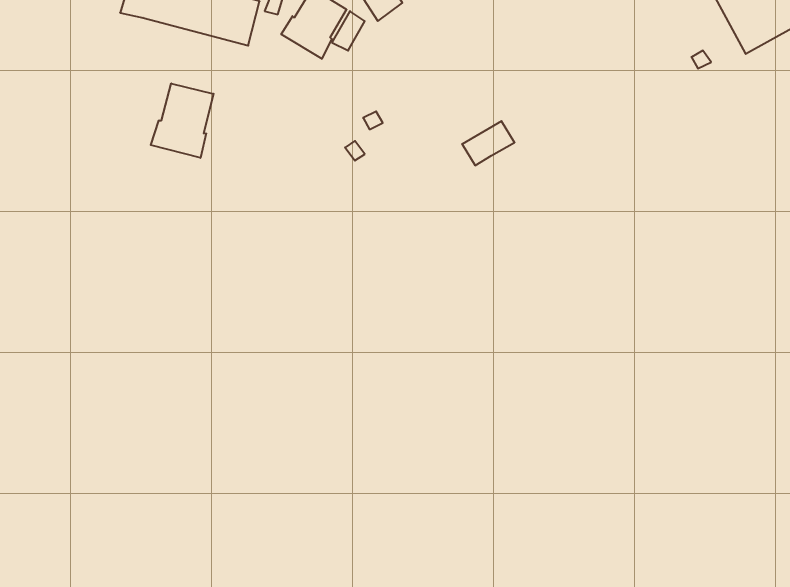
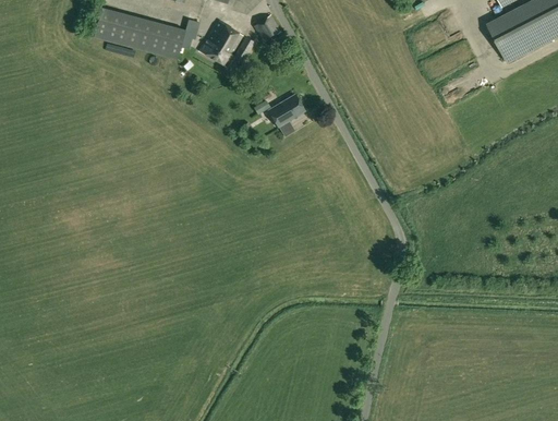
building: [151,83,214,158] -> none
building: [462,121,515,165] -> [269,96,304,125]

